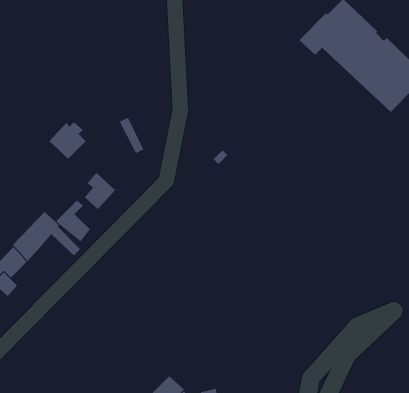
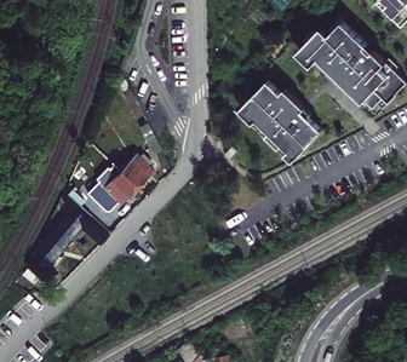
building: none -> [237,82,321,160]
building: [49,122,86,159] -> [121,150,154,183]

